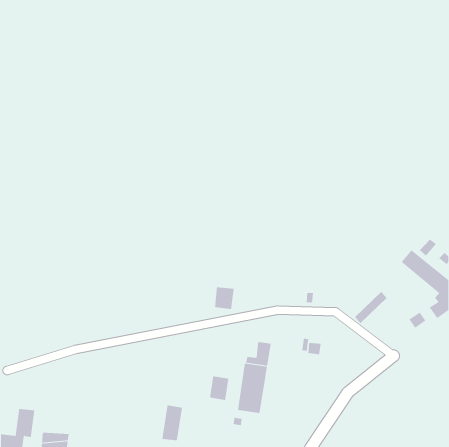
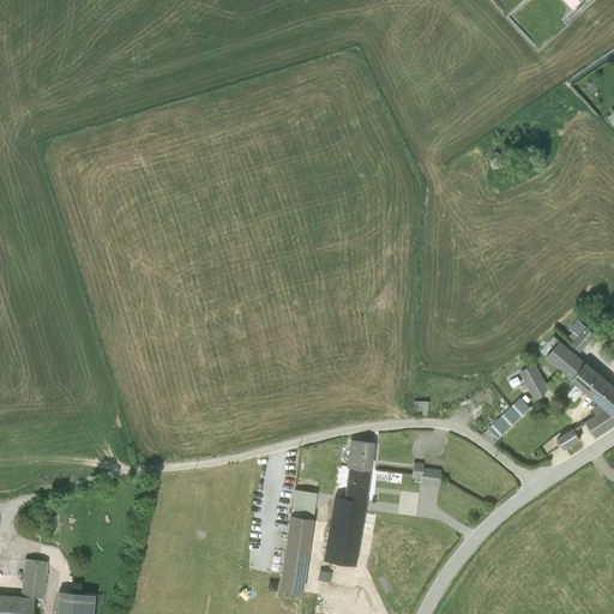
building: none -> [519,363,549,398]
building: [214,287,235,310] -> [347,440,374,471]
building: none -> [290,492,317,519]
building: [162,405,183,441] -> [279,546,308,595]

